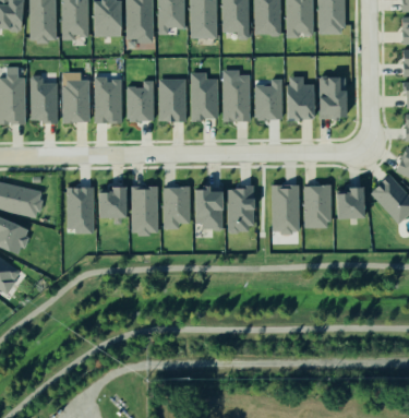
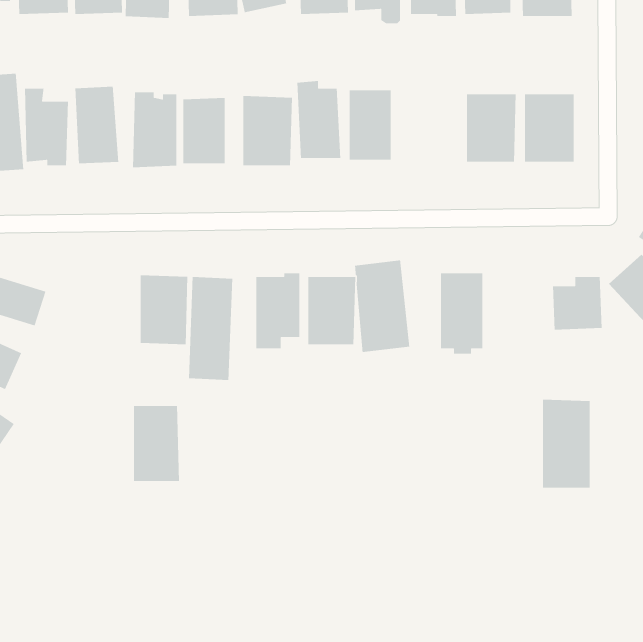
building: [255,81,286,122] -> none
building: [300,178,328,230] -> [542,399,591,488]
building: [68,188,95,232] -> [133,405,180,482]

